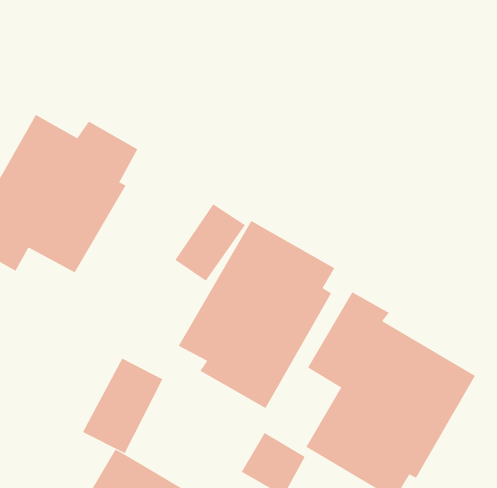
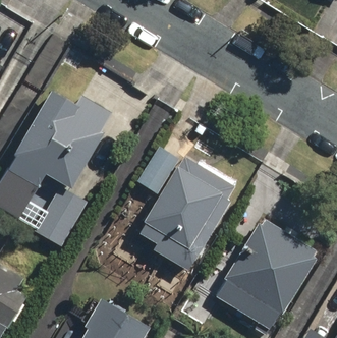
building: [82,358,163,454] -> [33,185,82,244]

